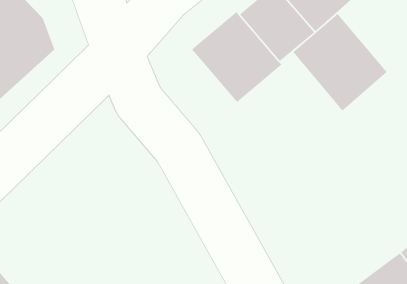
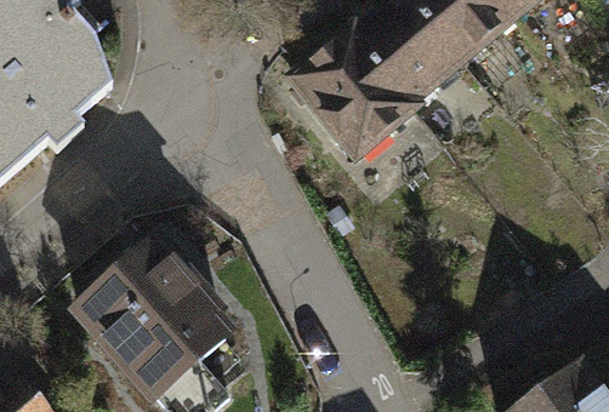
building: [292,13,388,112] -> none
building: none -> [75,240,223,399]

